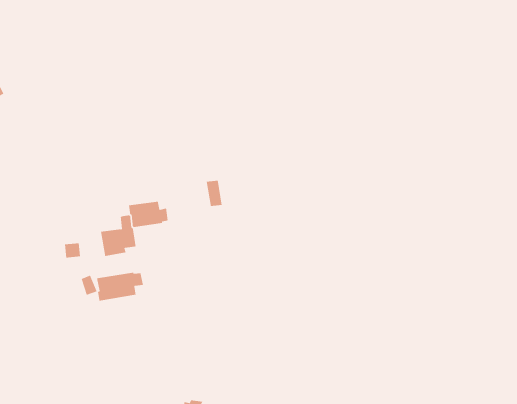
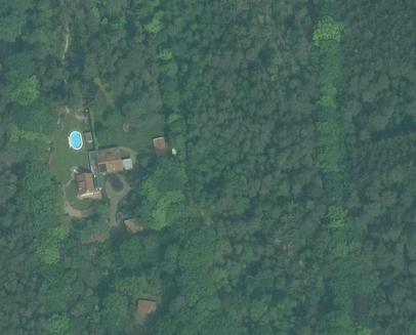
building: [96,272,143,302] -> none

